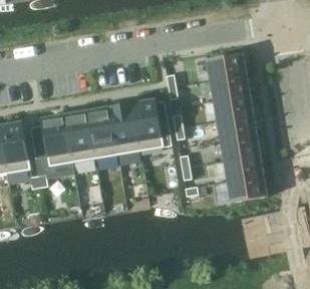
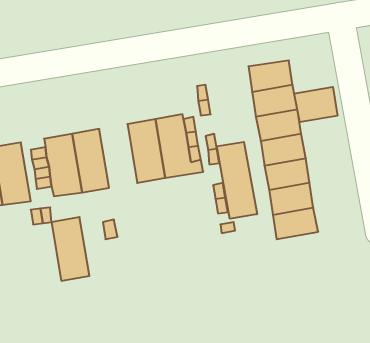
building: none -> [294,87,337,122]
building: [86,106,117,159] -> [52,217,89,281]
building: none -> [217,142,257,219]

